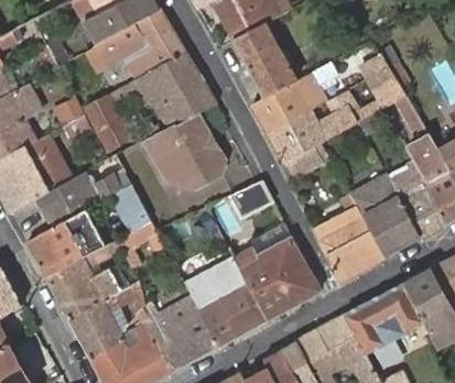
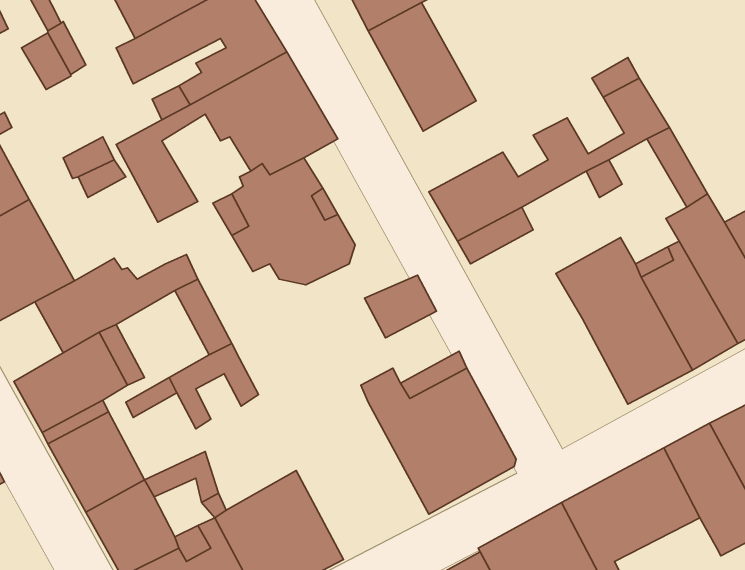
building: [252,64,335,133] -> none
building: [314,207,383,281] -> none
building: [183,255,268,347] -> none

